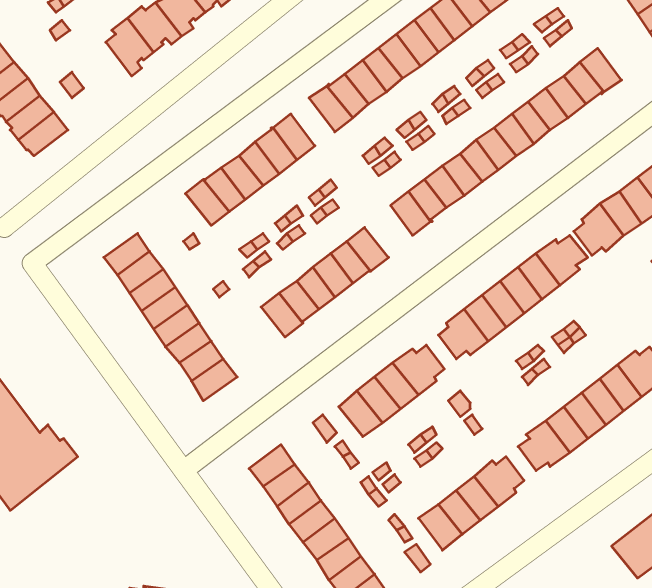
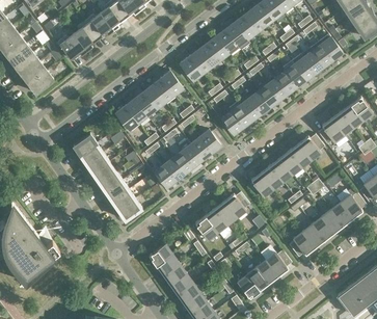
building: none -> [58,33,87,59]

